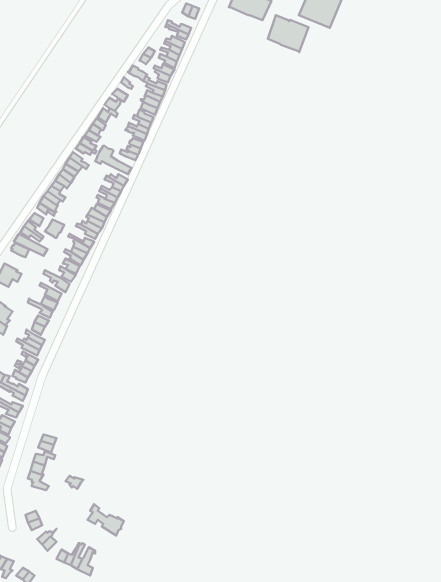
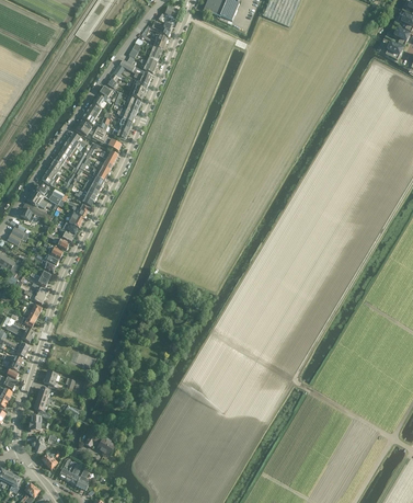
building: [268,15,308,52] -> none

